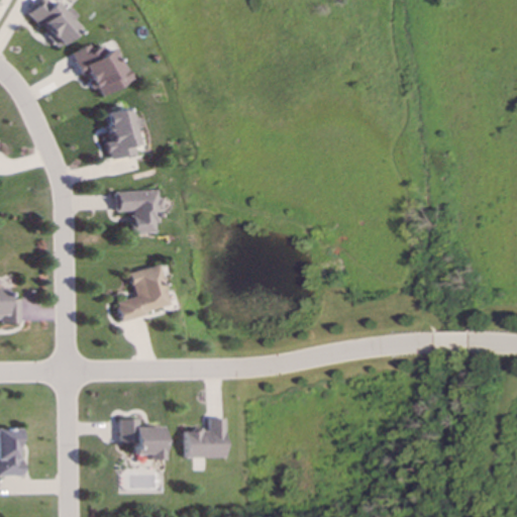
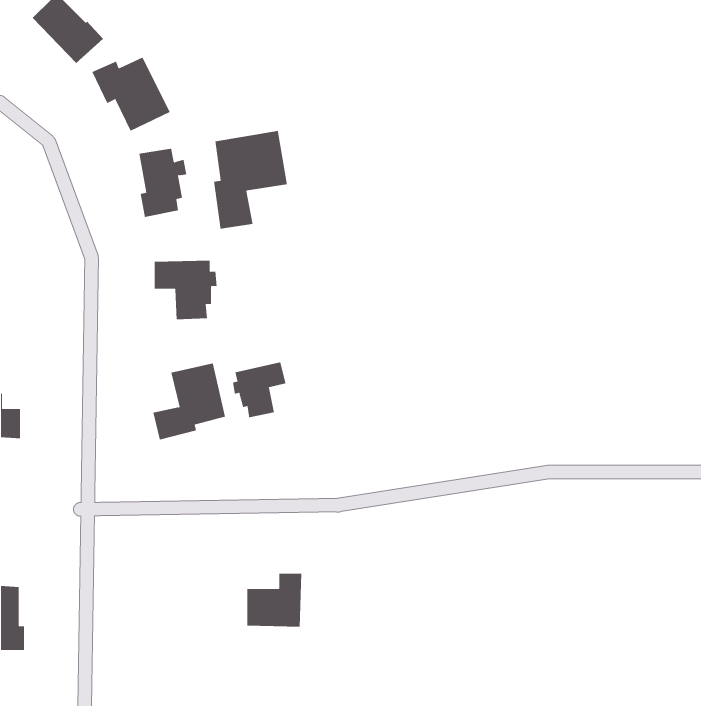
building: none -> [213,130,288,229]
building: none -> [233,361,286,418]
building: [119,418,163,459] -> none

